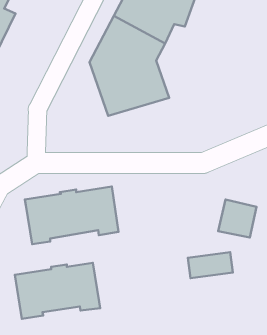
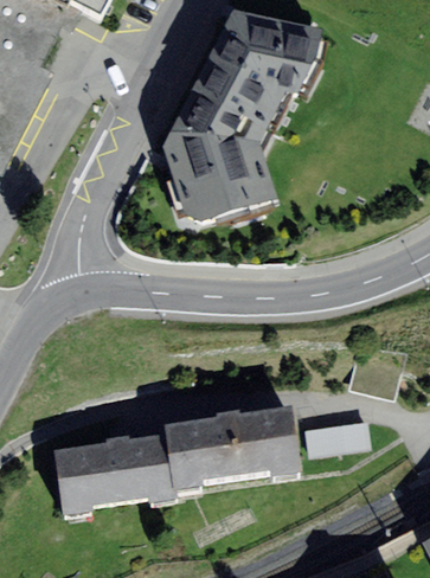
building: [25,186,118,244] -> [165,409,301,493]

